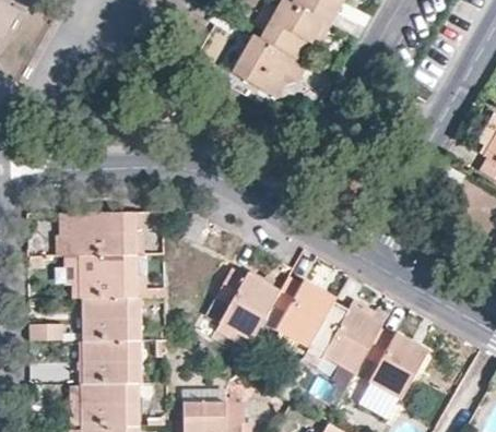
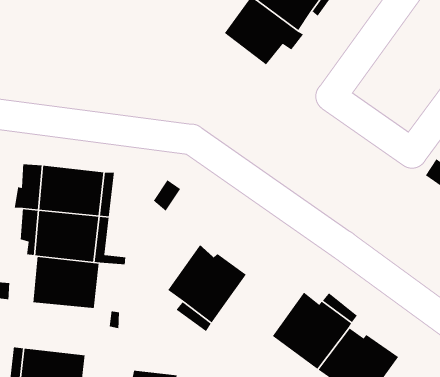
building: [262,276,334,346] -> none
building: [83,339,142,383] -> none

